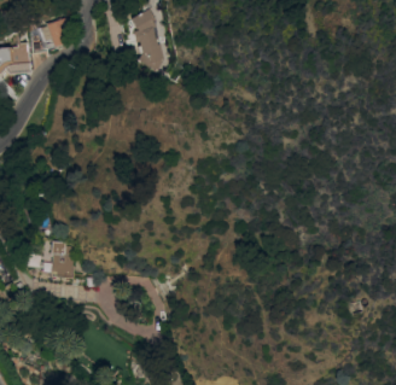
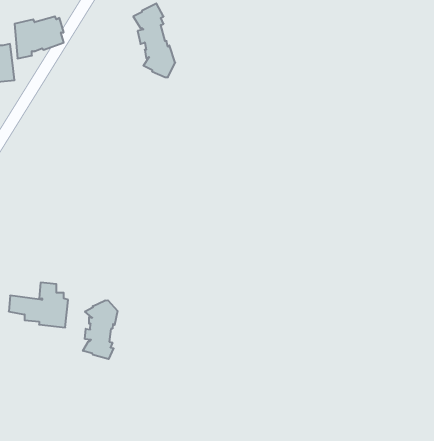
building: none -> [83,300,118,359]

